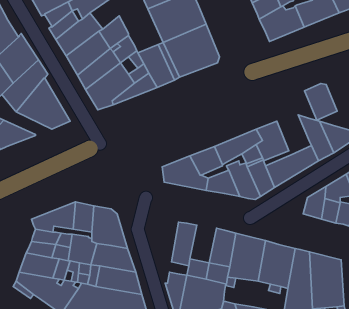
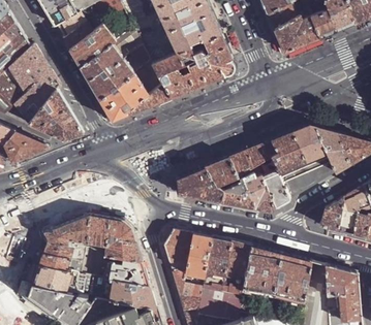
building: [305,84,337,120] -> [292,126,326,163]
building: none -> [164,231,193,297]
building: none -> [205,238,231,277]

